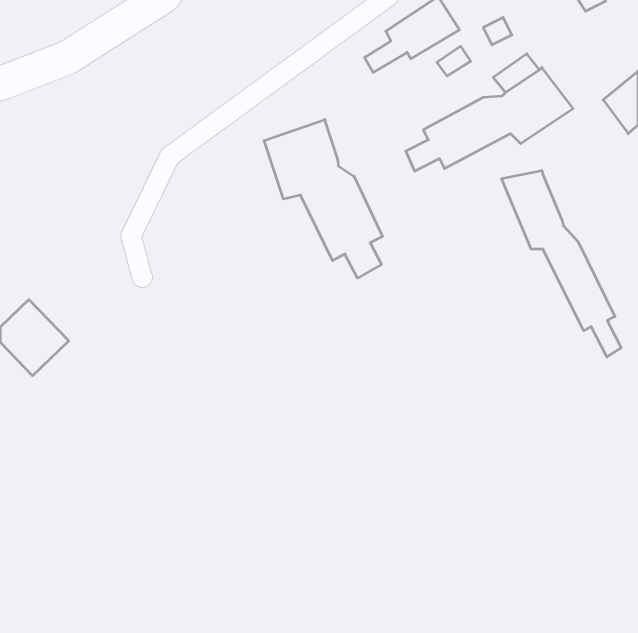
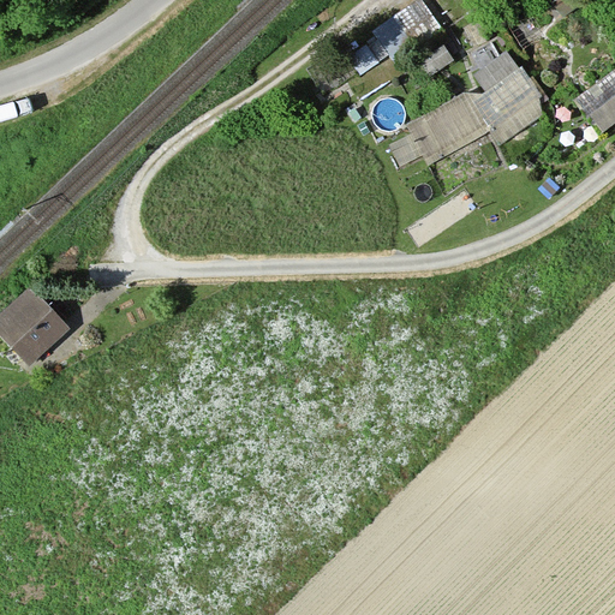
building: [264,119,383,278] -> none
building: [502,170,621,357] -> none

